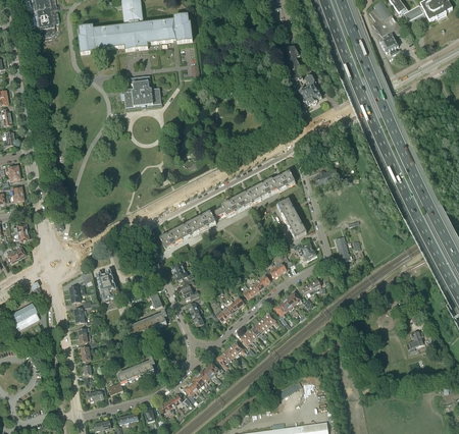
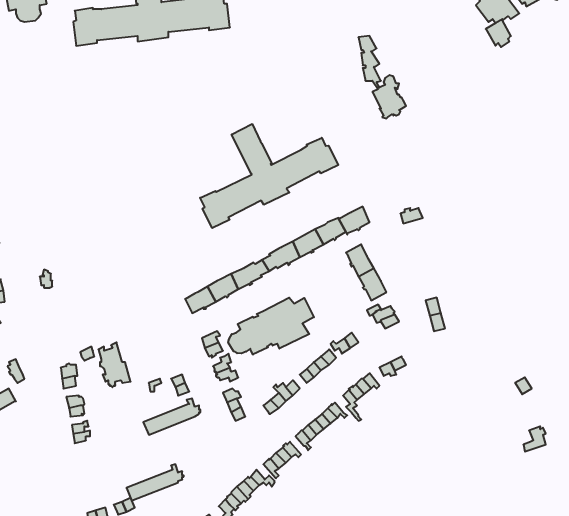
building: [119,75,160,107] -> none
building: none -> [200,124,338,228]
building: none -> [228,298,314,355]

